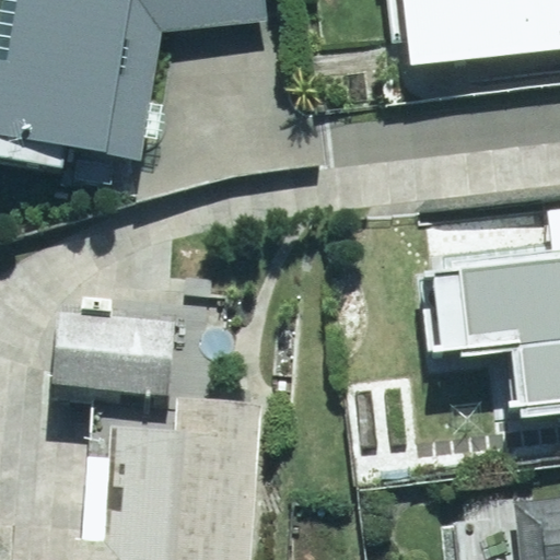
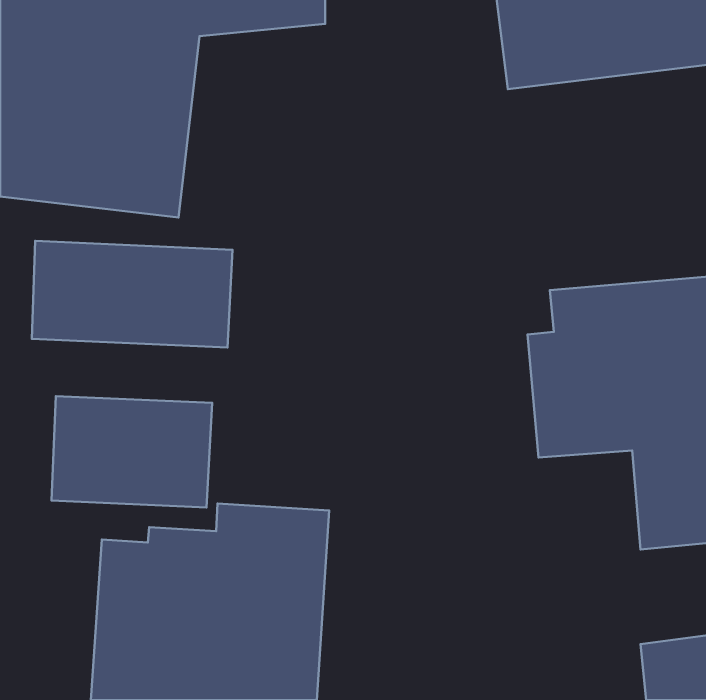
building: none -> [32,241,233,347]

